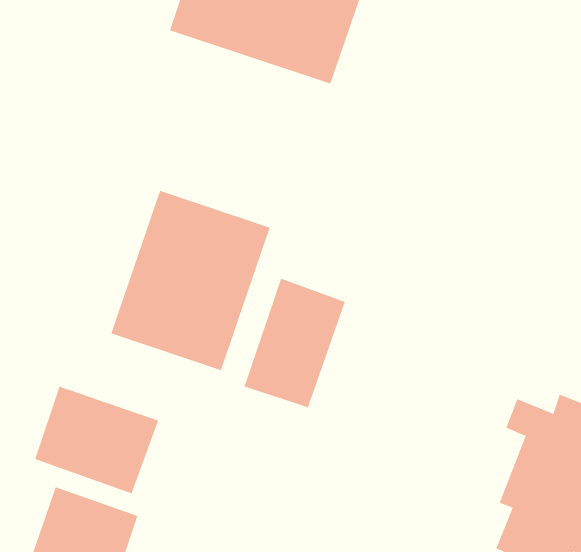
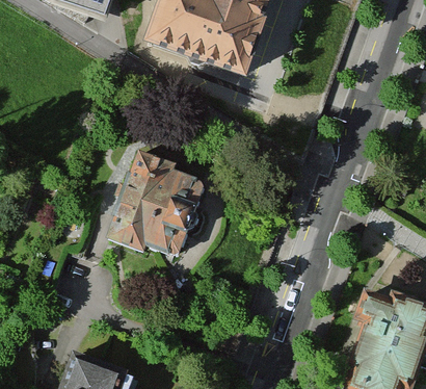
building: [244,278,345,408] -> none
building: [35,386,159,494] -> none

